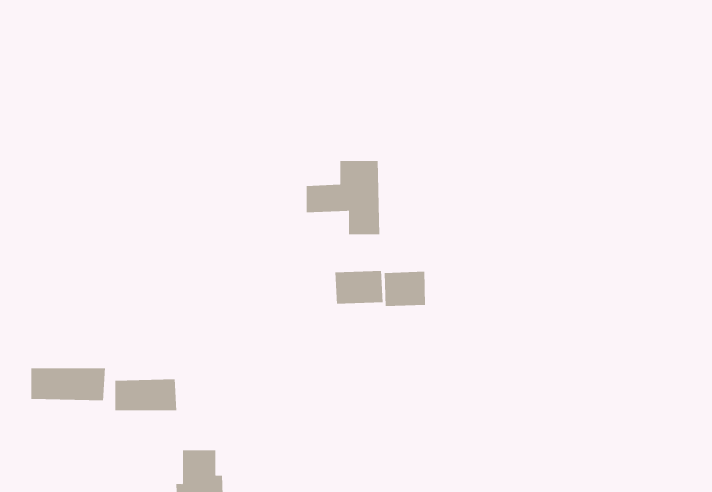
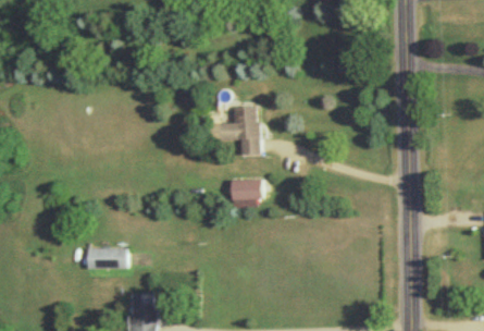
building: [384,271,426,307] -> none
building: [31,368,105,401] -> none

